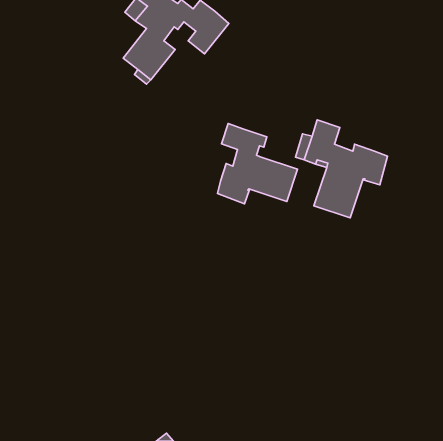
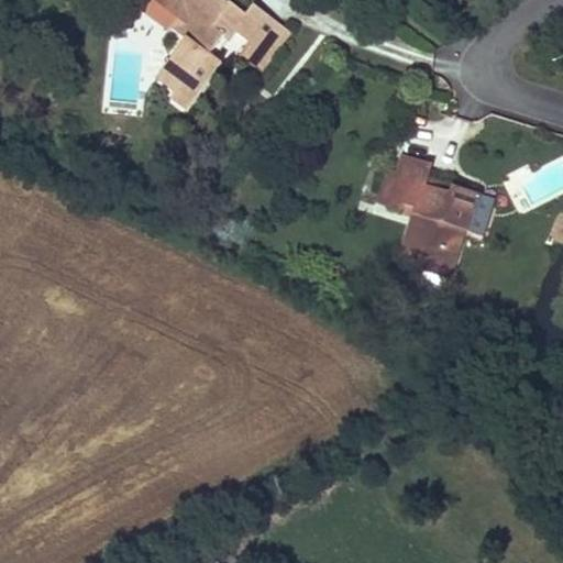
building: [217,124,298,204] -> none

